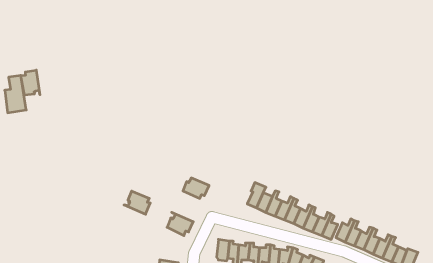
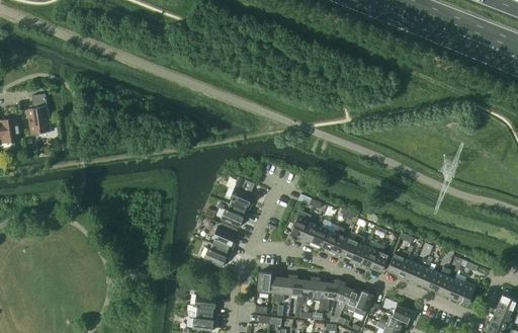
building: [21,70,40,95] -> none
building: none -> [226,177,254,214]
building: [124,191,150,214] -> [208,228,237,253]

